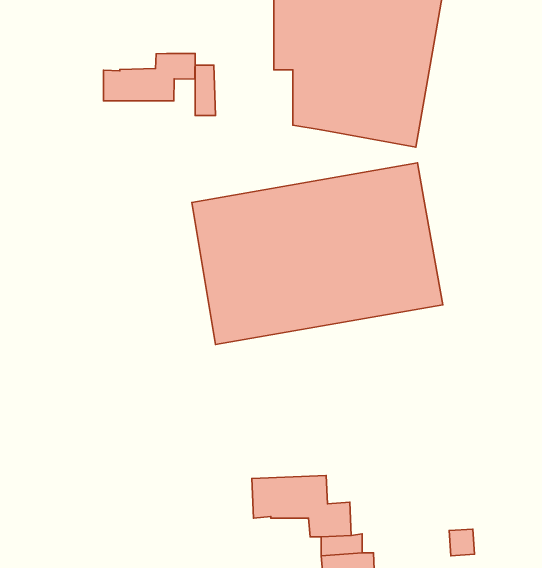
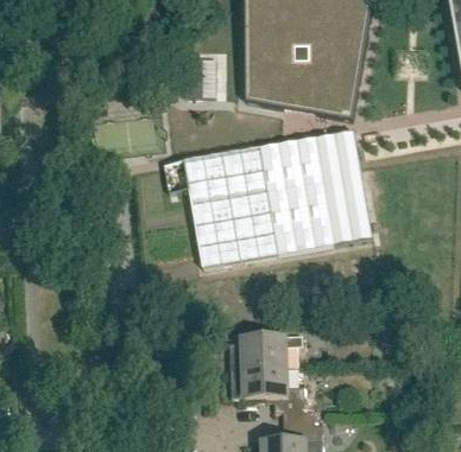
building: [103,53,195,101] -> none
building: none -> [227,333,299,367]

